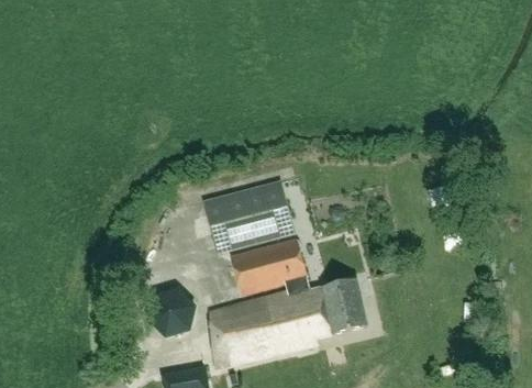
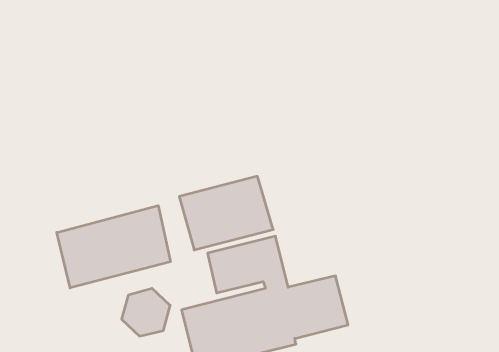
building: none -> [57,206,170,288]

